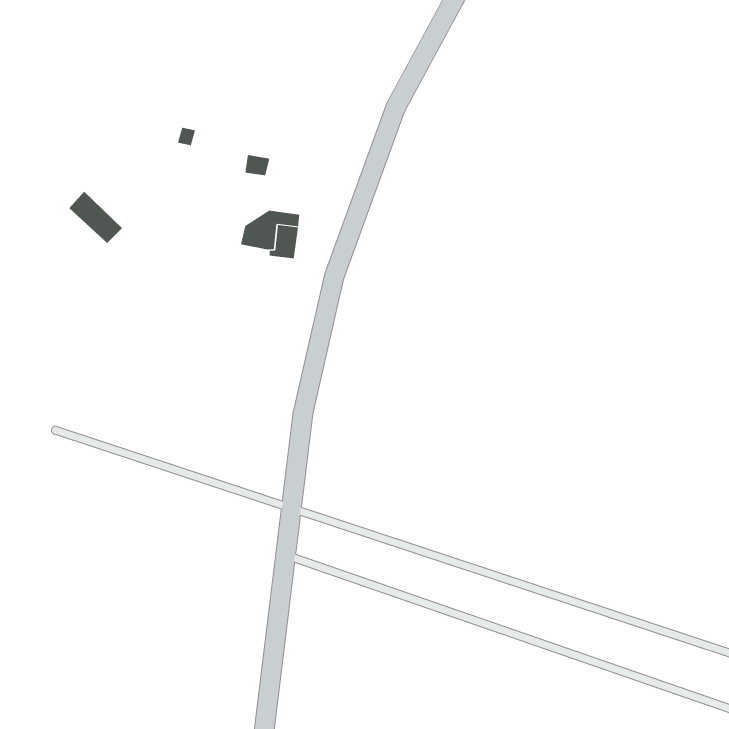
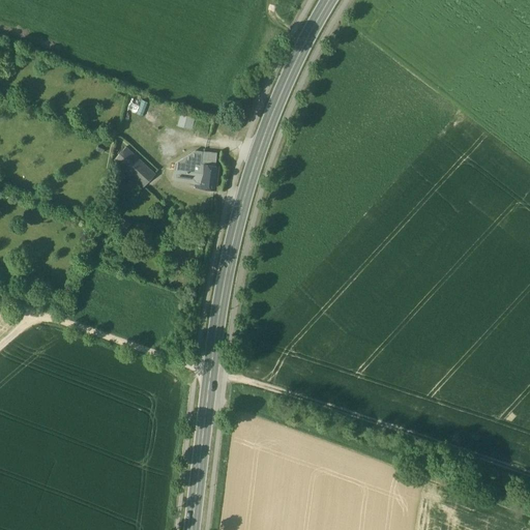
building: [69,191,123,244] -> [116,146,155,184]

